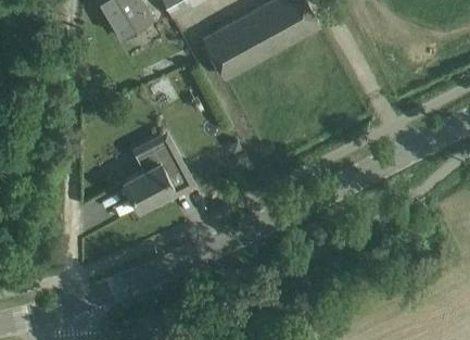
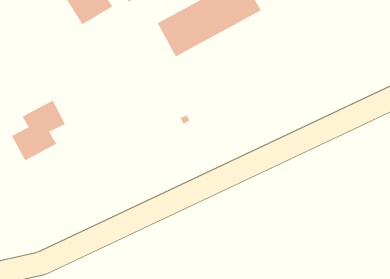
building: [123,140,183,209] -> [11,100,66,161]

